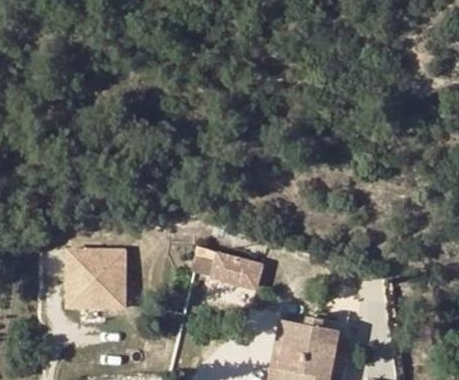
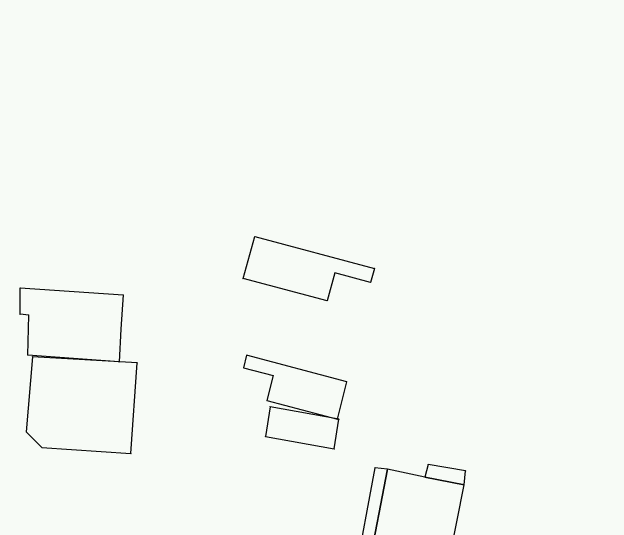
building: none -> [243,237,374,301]
building: none -> [20,288,123,362]

